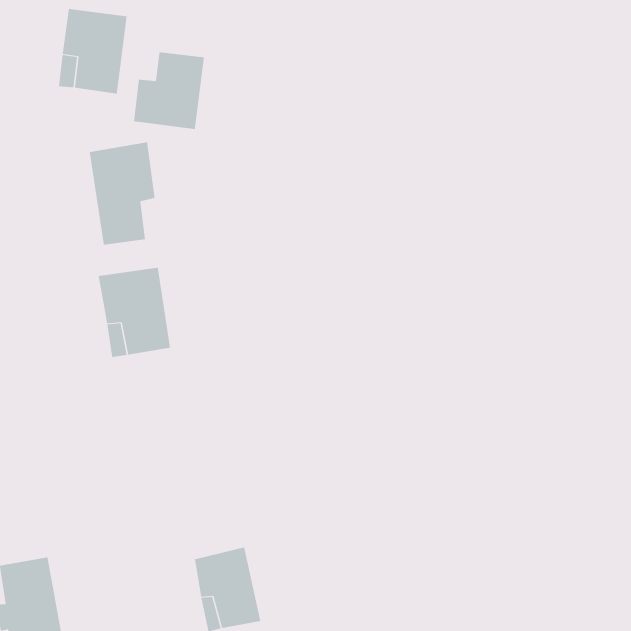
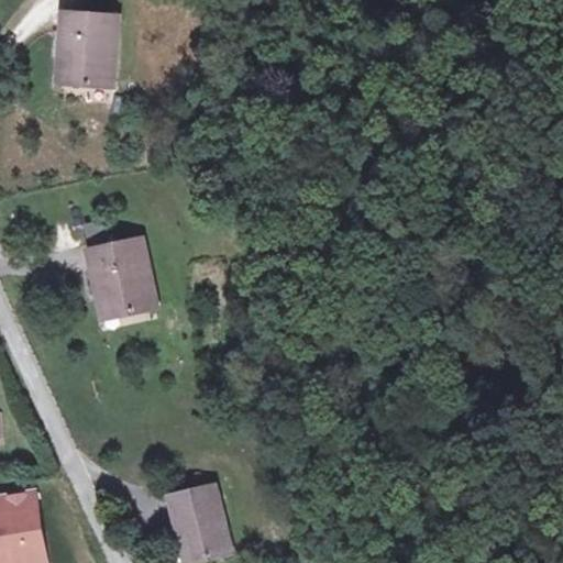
building: [133,52,205,130] -> none
building: [89,142,155,245] -> none

